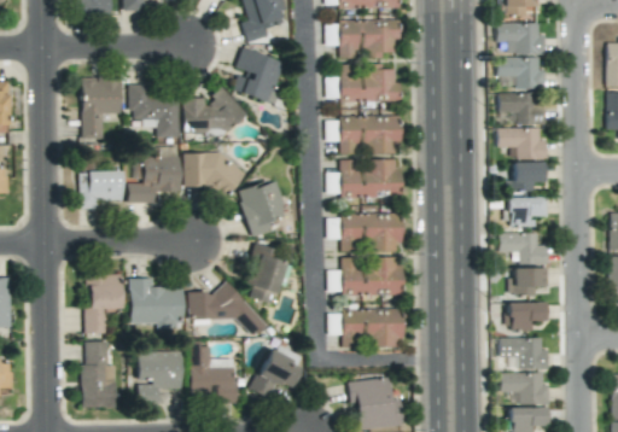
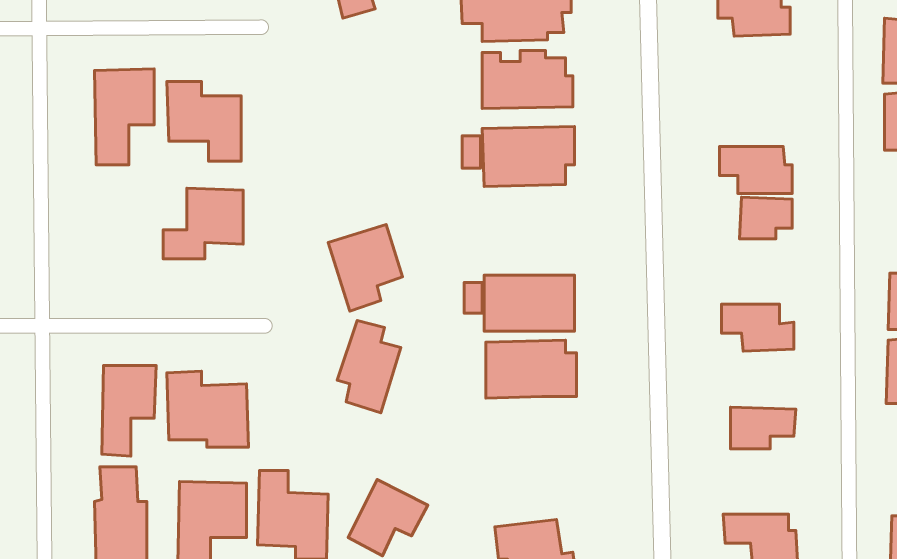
building: [234,48,285,103] -> none
building: [497,57,547,89] -> none
building: [183,91,245,134] -> none
building: [500,94,546,125] -> none
building: [185,154,240,189] -> none
building: [340,159,402,198] -> none
building: [80,170,124,209] -> none
building: [509,197,548,227] -> none
building: [509,268,548,294] -> none
building: [188,281,268,334] -> none
building: [330,309,404,348] -> none
building: [501,338,549,369] -> none

